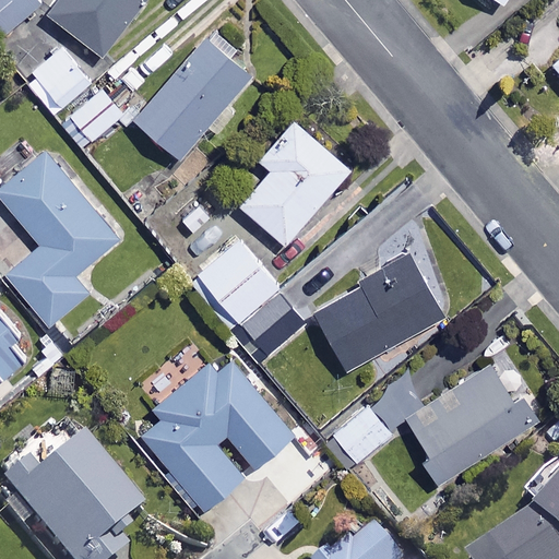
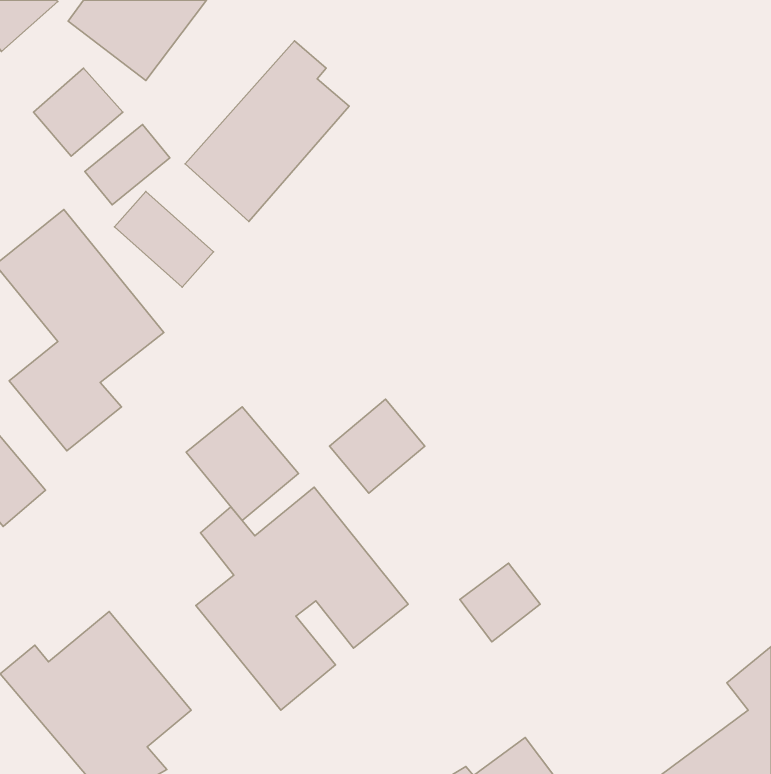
building: [239,121,349,246] -> none
building: none -> [115,192,214,287]
building: [197,240,277,322] -> [186,407,298,521]
building: [313,257,443,370] -> none
building: [405,360,536,479] -> none

